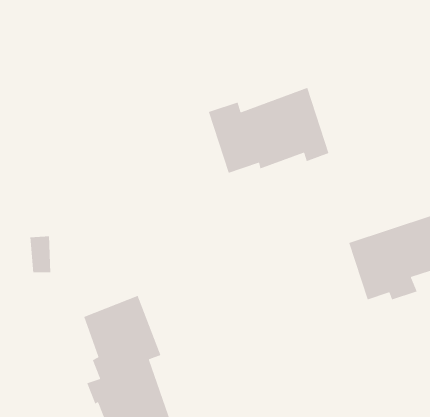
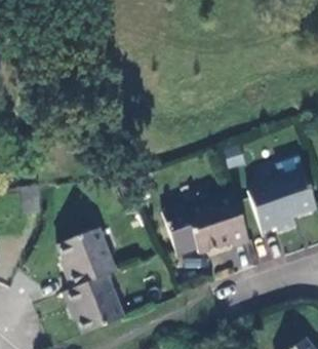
building: [208,87,330,174] -> [163,194,249,256]

